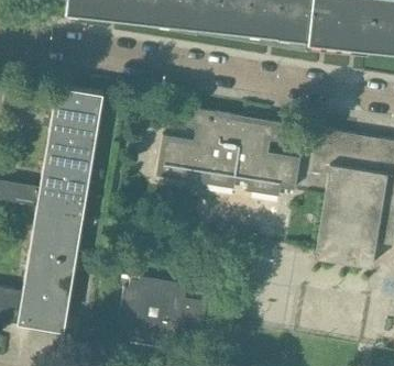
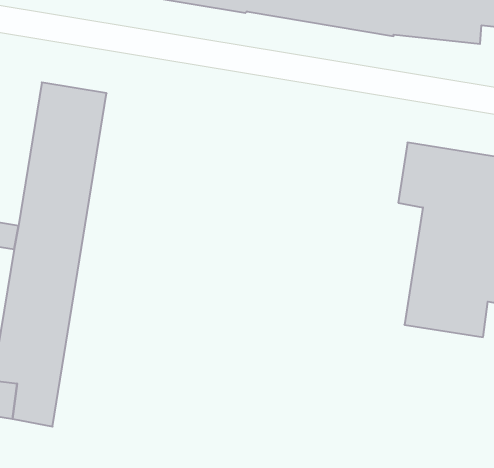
building: [156,108,299,196] -> none
building: [118,276,207,347] -> none

